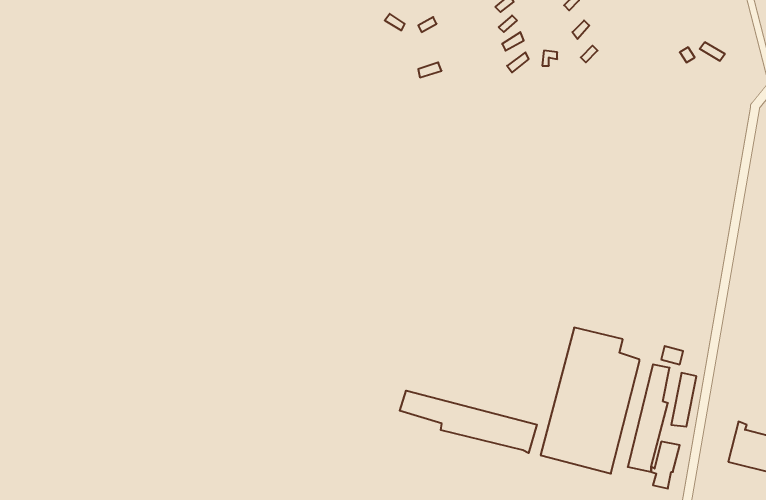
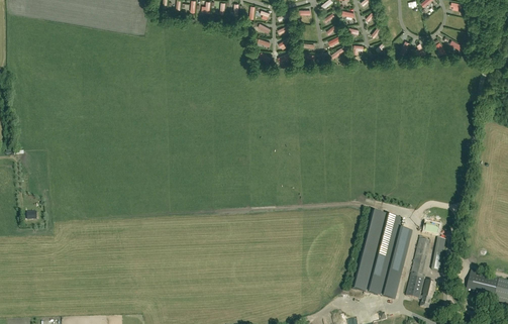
building: [400,391,537,453] -> none

